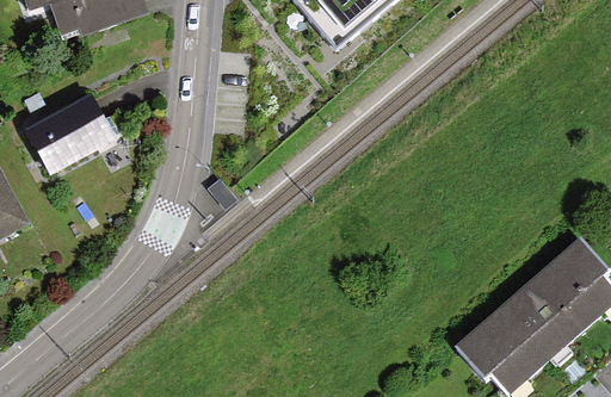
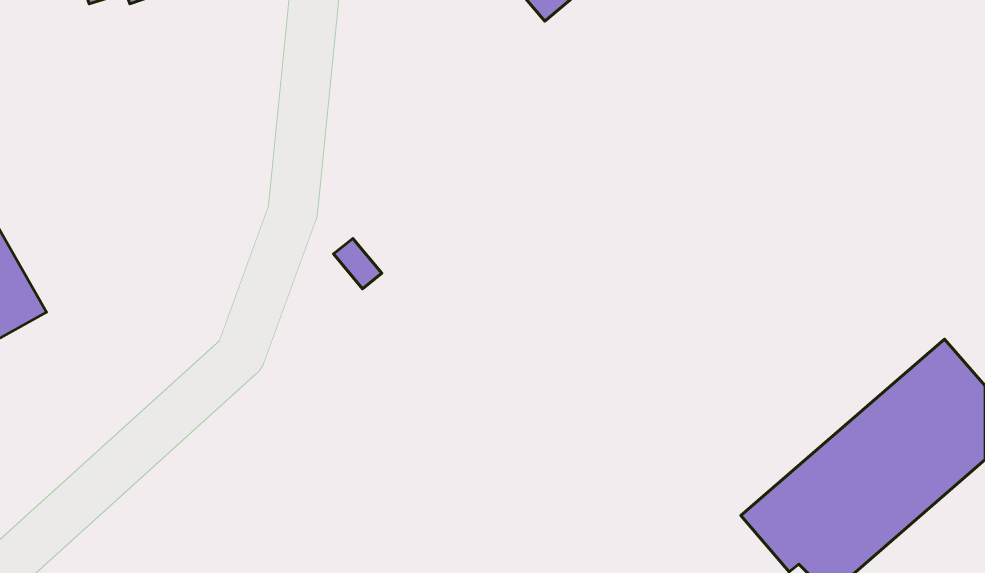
building: [27,95,112,173] -> none

